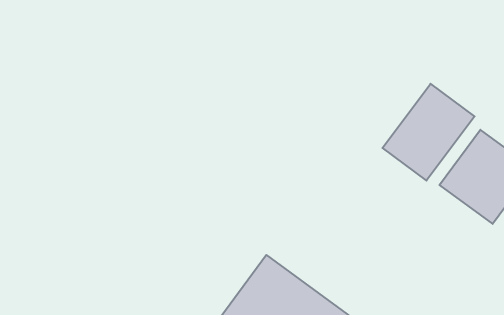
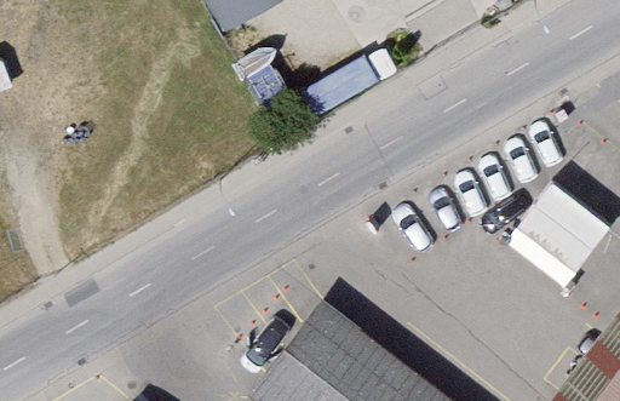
building: [382,84,475,181] -> none

